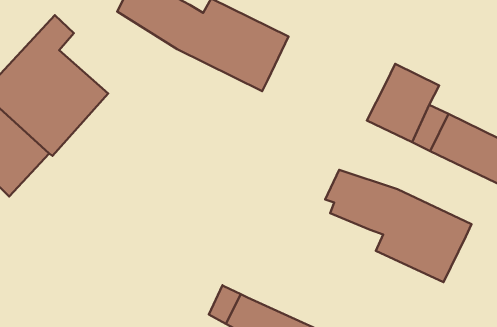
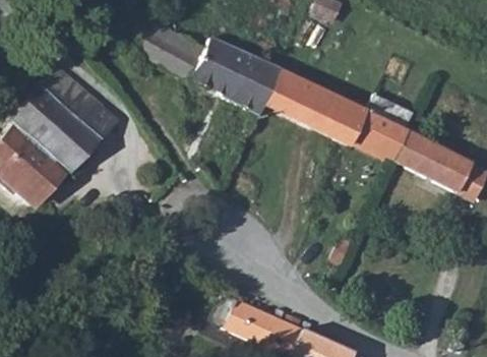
building: none -> [265,68,371,146]
building: [325,170,472,282] -> none

